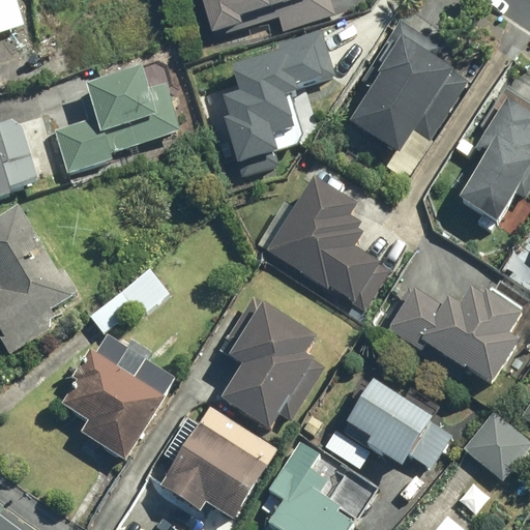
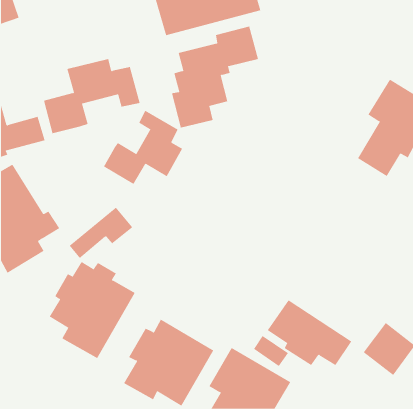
building: [345,18,469,156] -> none
building: none -> [103,110,183,185]
building: [259,178,378,302] -> none
building: [382,287,523,388] -> none
building: [217,293,323,433] -> none

